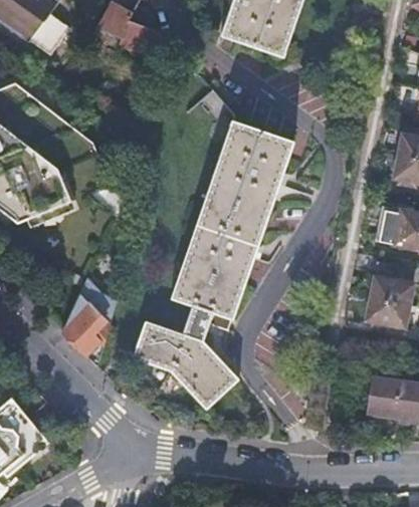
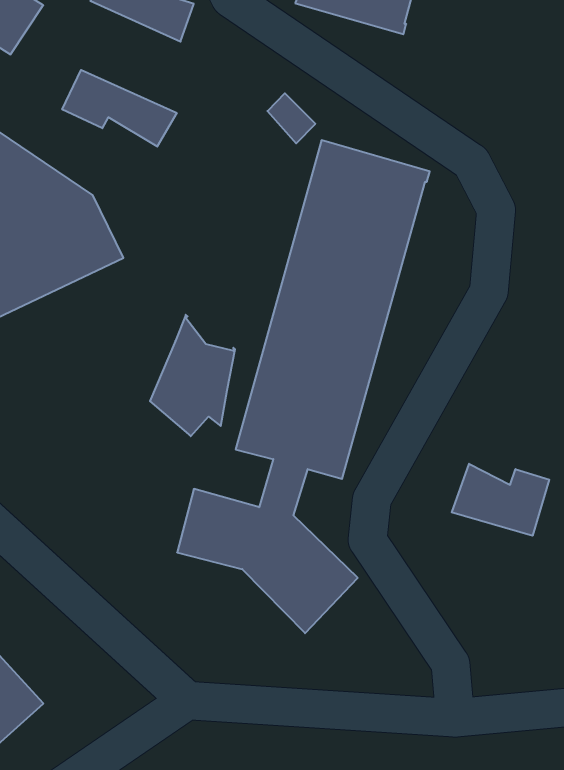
building: none -> [62,70,177,147]
building: [58,278,111,350] -> [150,315,235,436]
building: none -> [452,464,549,536]

